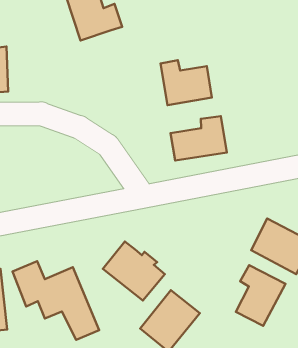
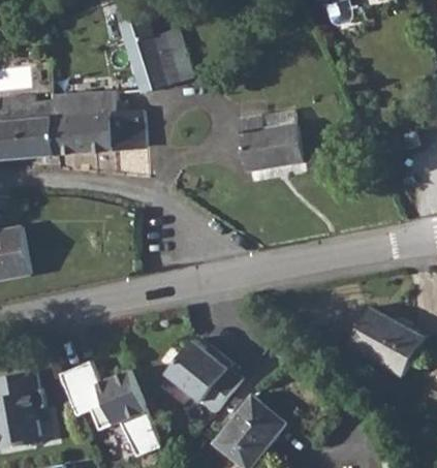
building: none -> [51,93,144,155]
building: [170,116,227,161] -> none
building: [236,265,285,326] -> none

